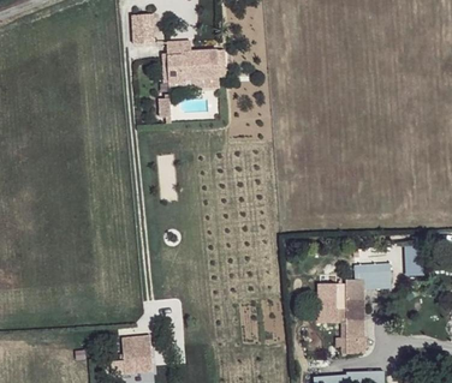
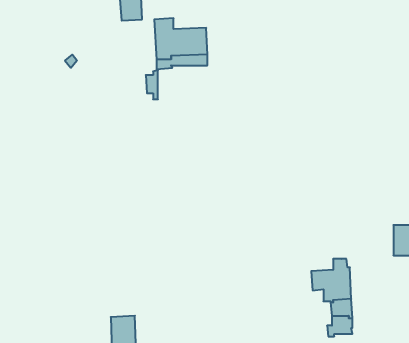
building: [353,263,388,287] -> none

